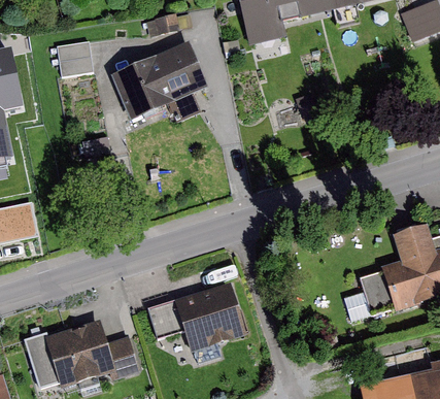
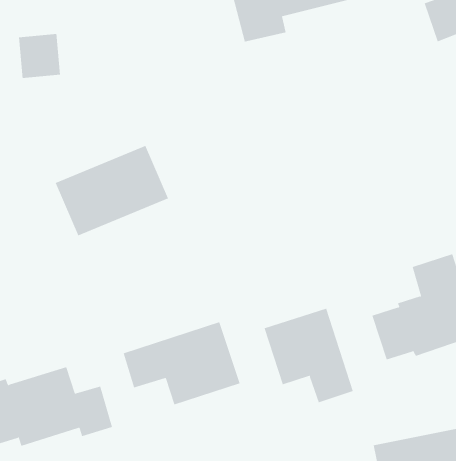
building: [110,41,207,119] -> [55,145,169,236]
building: none -> [264,308,354,403]

